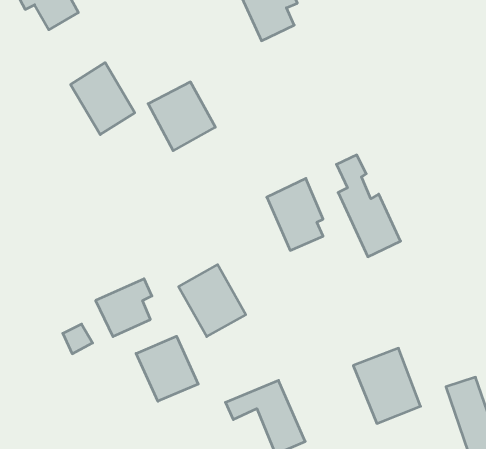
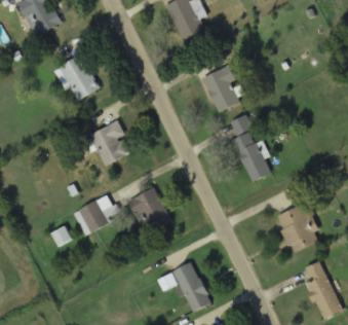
building: [148,82,215,151] -> [87,121,131,167]
building: [267,178,323,250] -> [202,65,239,112]
building: [136,336,198,401] -> none
building: [353,348,421,423] -> [276,204,320,253]

